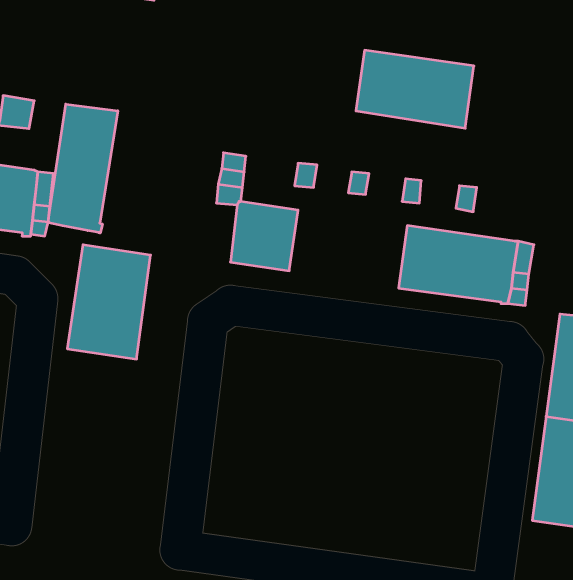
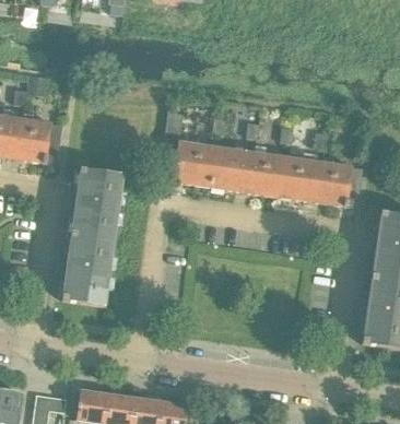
building: [356,50,474,128] -> [209,146,283,196]
building: [49,104,118,233] -> none
building: none -> [60,234,113,306]

